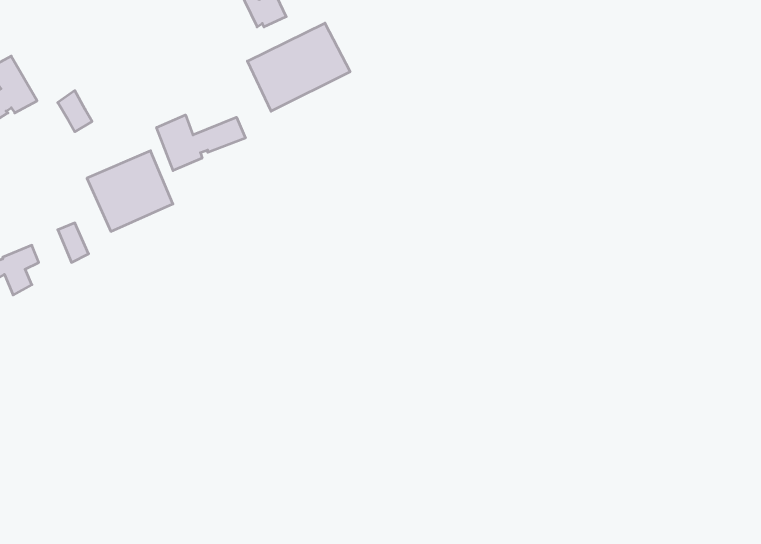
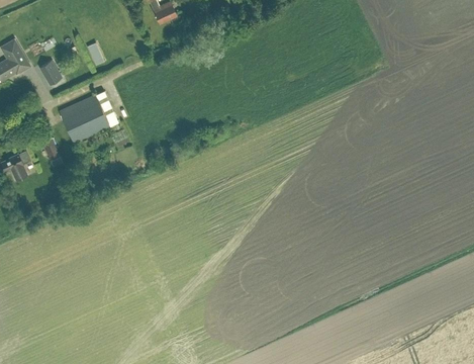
building: [247,23,350,111] -> none
building: [157,115,245,171] -> none

